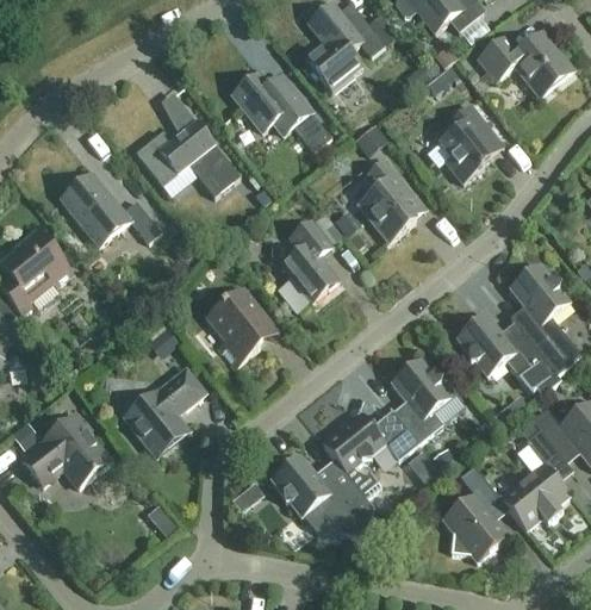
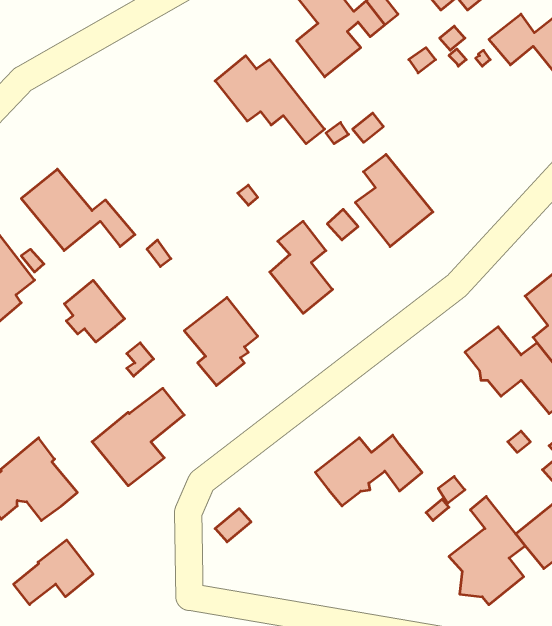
building: [437,104,503,182] -> none
building: [135,111,239,197] -> none
building: none -> [64,280,125,342]
building: [390,357,450,443] -> none
building: [269,454,373,537] -> none
building: none -> [14,540,93,605]

